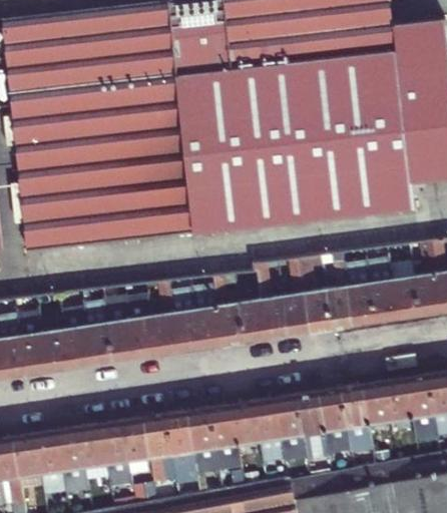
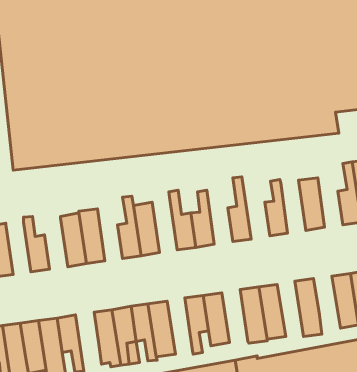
building: [388,254,419,320] -> none
building: [299,256,332,334] -> none
building: [255,264,288,340] -> none
building: [345,264,375,327] -> none
building: [191,287,221,350] -> none
building: [125,294,156,360] -> none
building: [60,309,91,370] -> none
building: [17,314,47,376] -> none
building: [384,378,416,445] -> none
building: [341,384,372,454] -> none
building: [275,394,306,460] -> none
building: [209,404,240,471] -> none
building: [100,421,131,486] -> none

